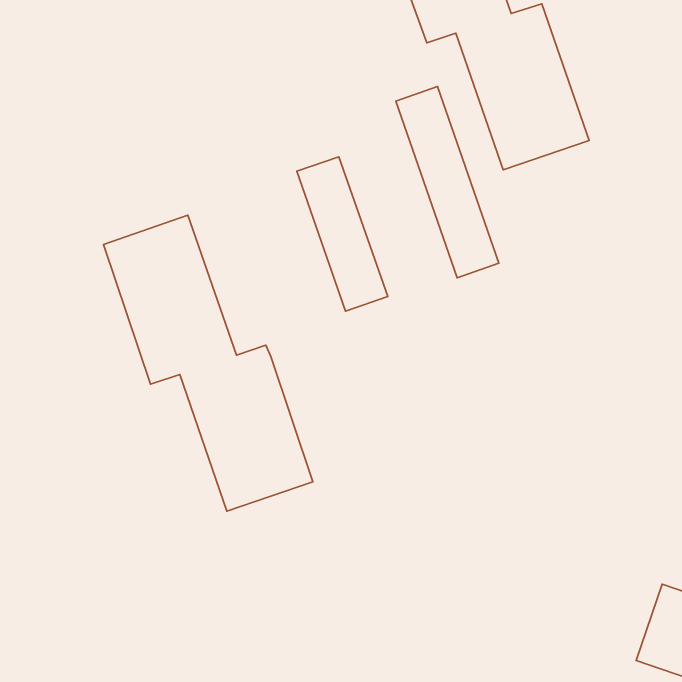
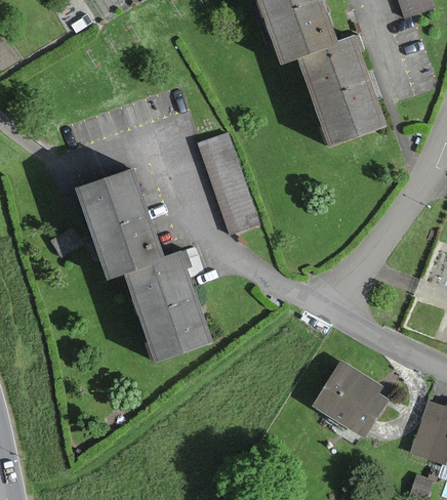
building: [396,86,499,278] -> none
building: none -> [314,363,383,435]

